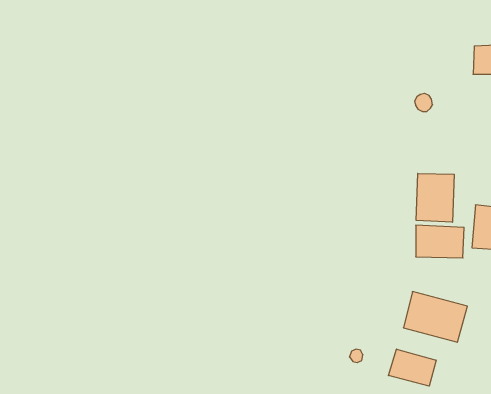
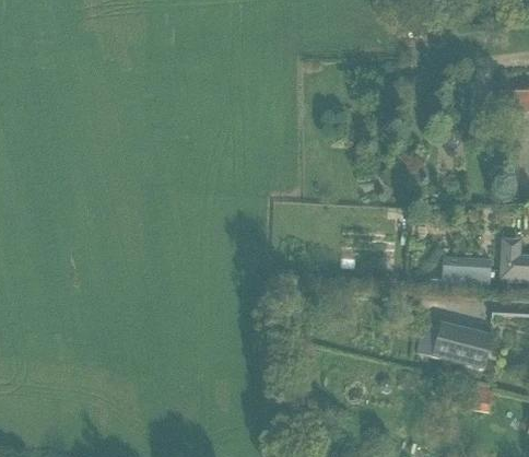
building: [416,173,454,222] -> none
building: [388,349,436,386] -> none

